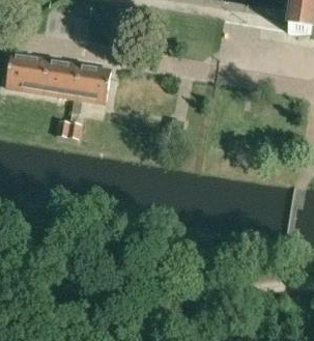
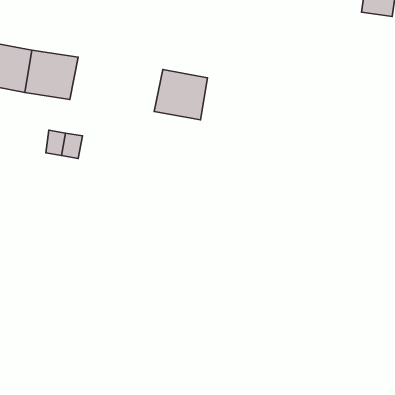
building: [72,62,111,100] -> [154,69,208,120]

